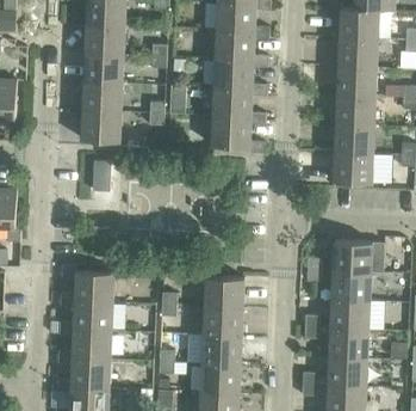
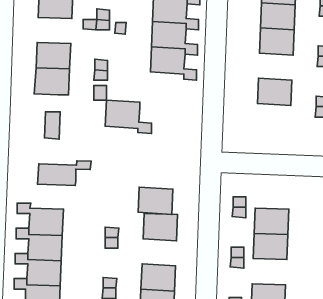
building: [83,53,123,82] -> none
building: [335,93,374,124] -> none
building: [211,115,263,153] -> [105,100,151,134]
building: [333,151,372,183] -> none
building: none -> [38,161,91,185]
building: [331,240,372,271] -> none
building: [203,305,242,336] -> [138,187,173,214]
building: [328,327,367,357] -> none

